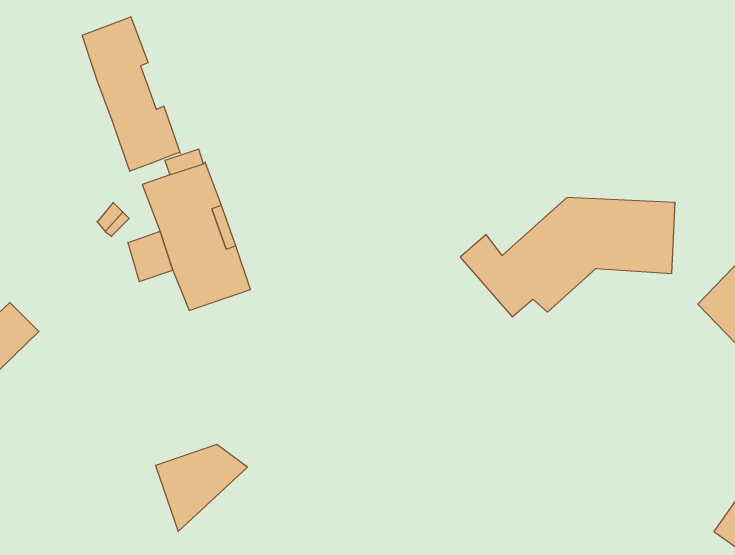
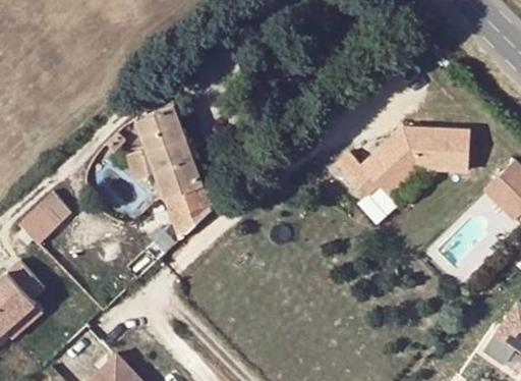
building: [82,17,180,171] -> none
building: [155,444,247,532] -> [163,183,221,238]

